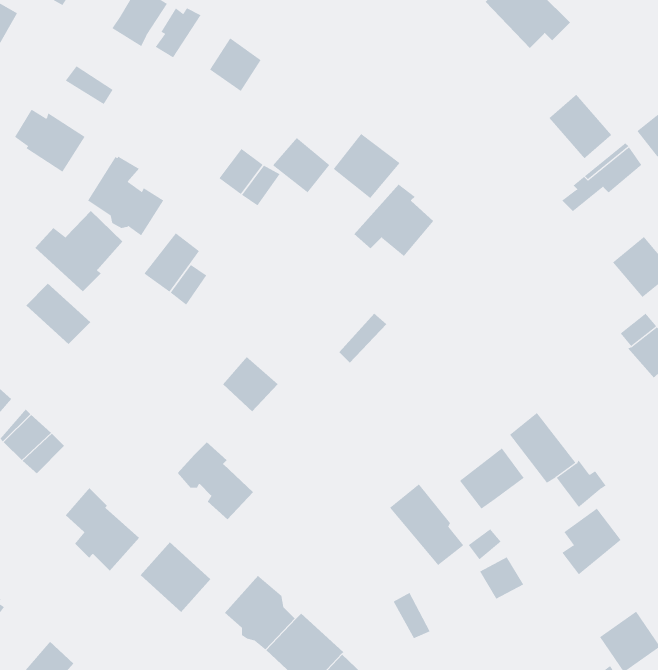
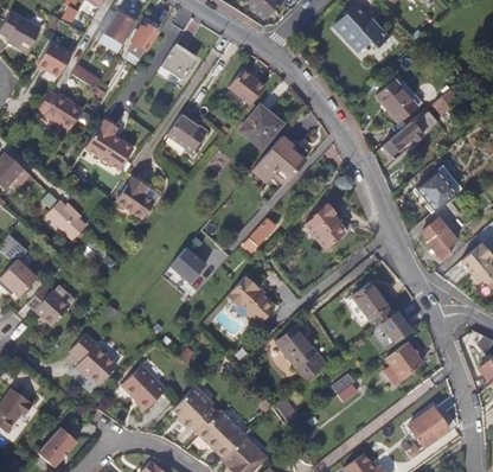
building: none -> [36,42,71,76]
building: [272,137,330,193] -> [229,70,265,106]
building: [34,210,123,292] -> none
building: none -> [303,203,344,249]
building: [177,441,254,520] -> [226,278,275,327]
building: [459,447,524,509] -> none

